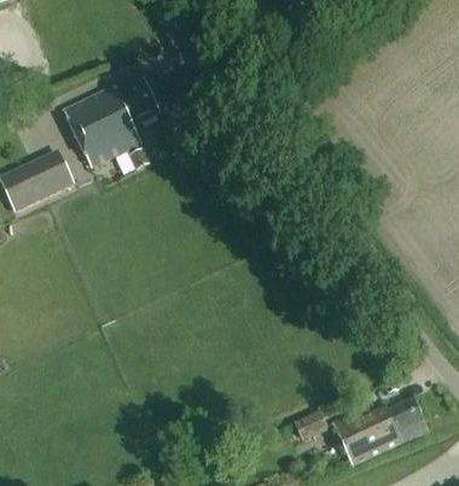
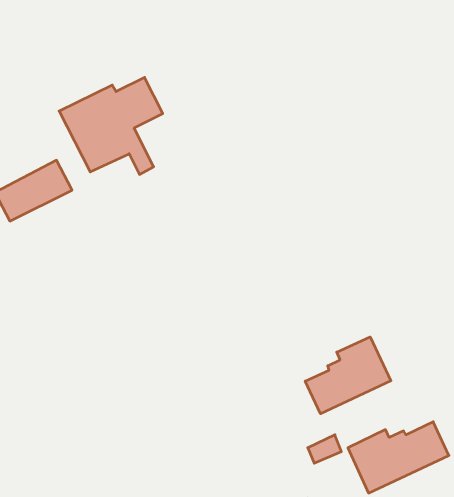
building: none -> [305,337,391,414]

